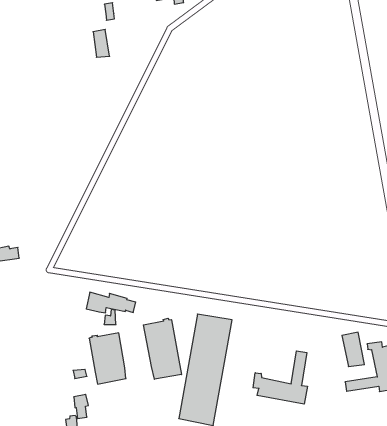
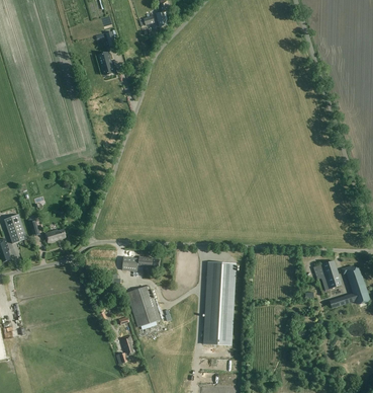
building: [143,318,181,379] -> none
building: [253,351,307,404] -> none

